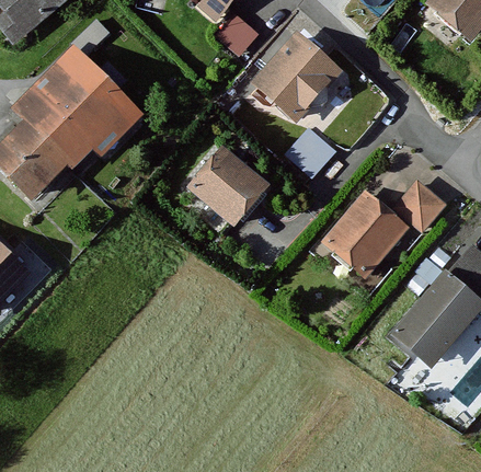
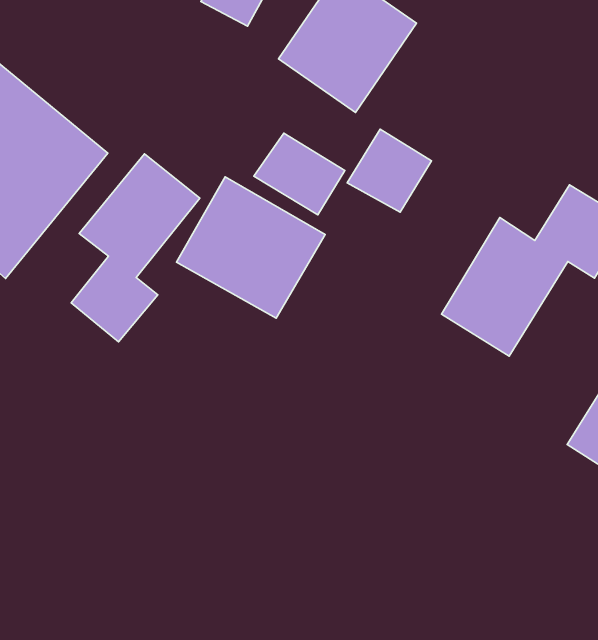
building: none -> [71,154,200,342]
building: none -> [254,133,345,215]

